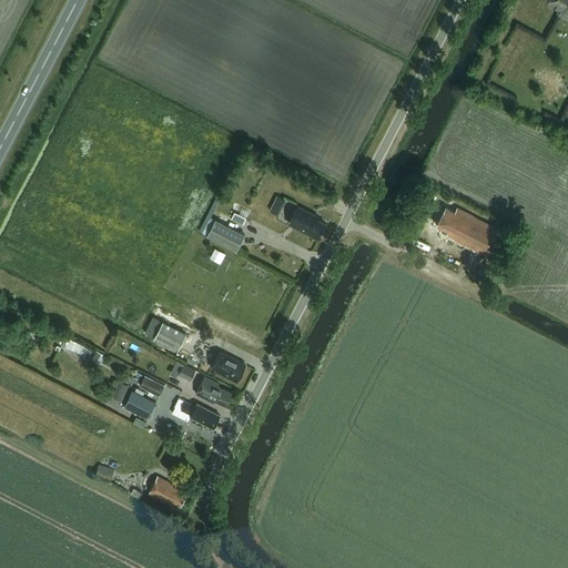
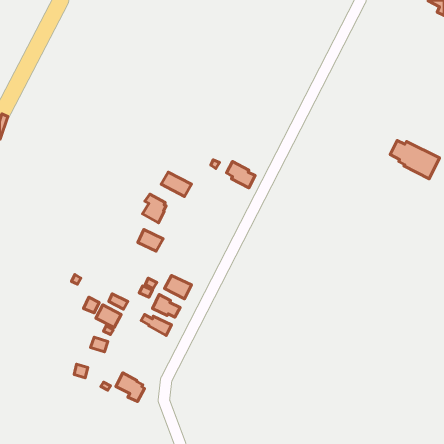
building: [435,207,498,256] -> [390,141,440,179]
building: none -> [142,194,166,223]
building: [153,322,185,349] -> [138,229,163,251]

